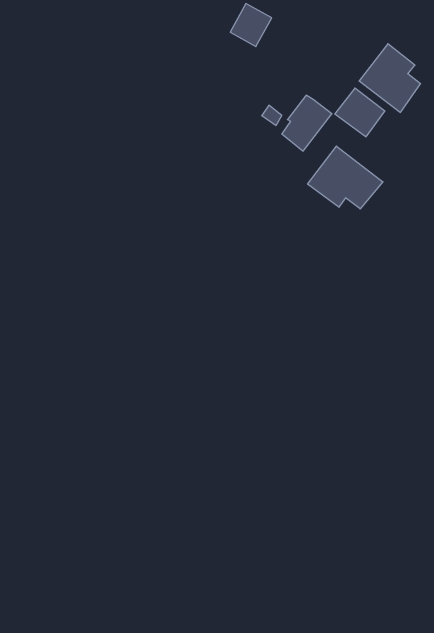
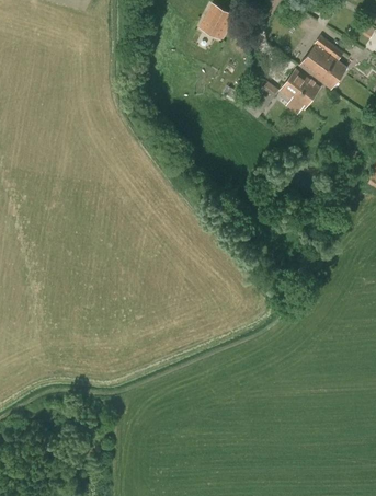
building: [308,146,383,209] -> none

